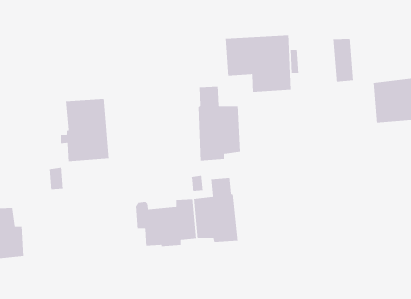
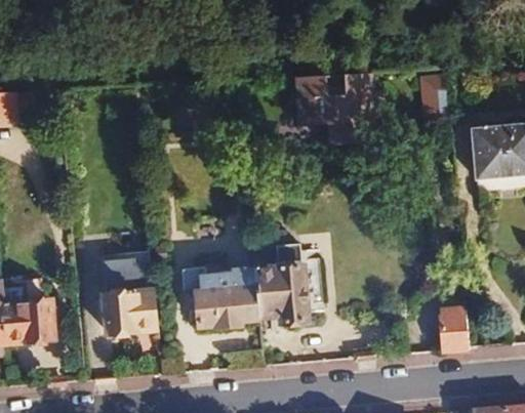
building: [198,86,241,161] -> none
building: [60,98,110,162] -> [99,257,159,334]
building: none -> [442,314,470,349]

